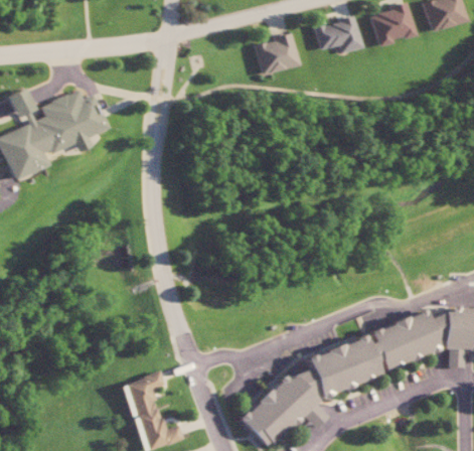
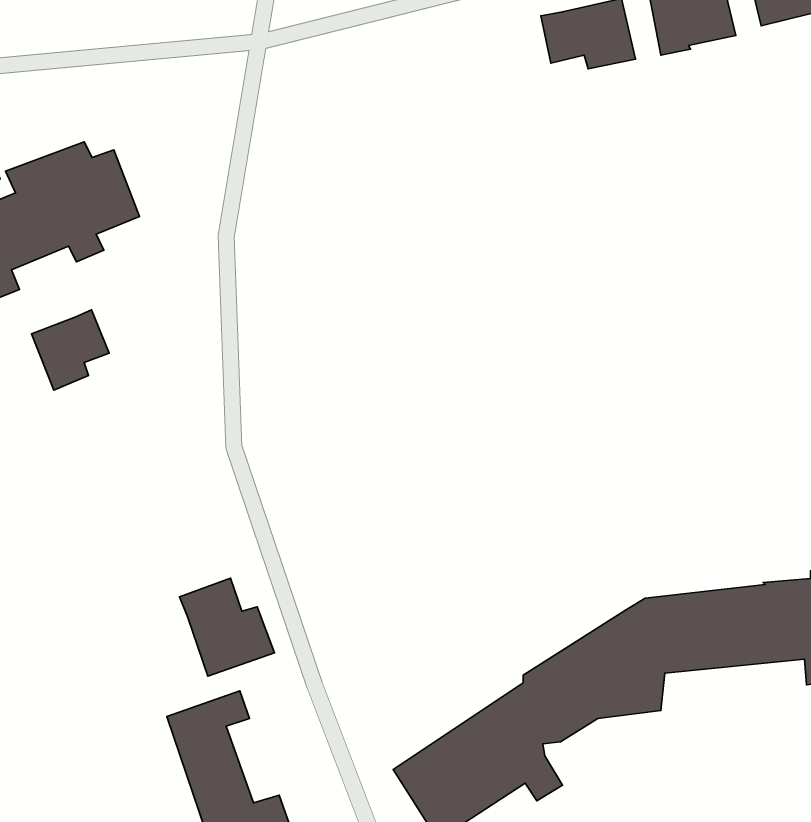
building: [254,32,299,74] -> none
building: none -> [31,310,109,390]
building: none -> [179,578,274,676]

